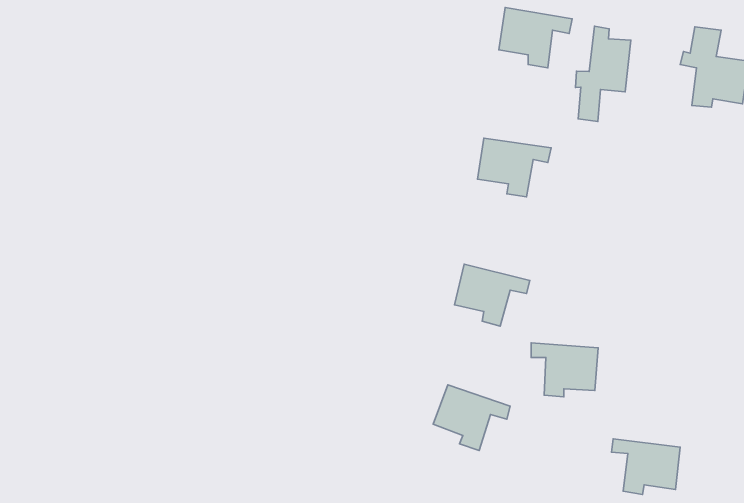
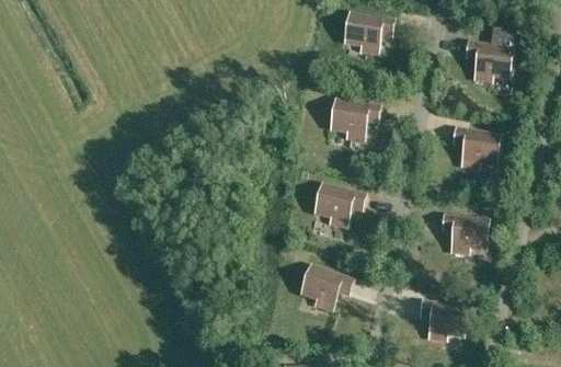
building: [576,26,631,121] -> none
building: none -> [454,129,500,167]
building: [531,343,598,397] -> [443,216,488,252]

